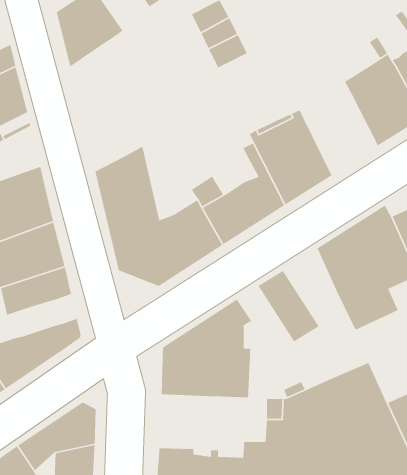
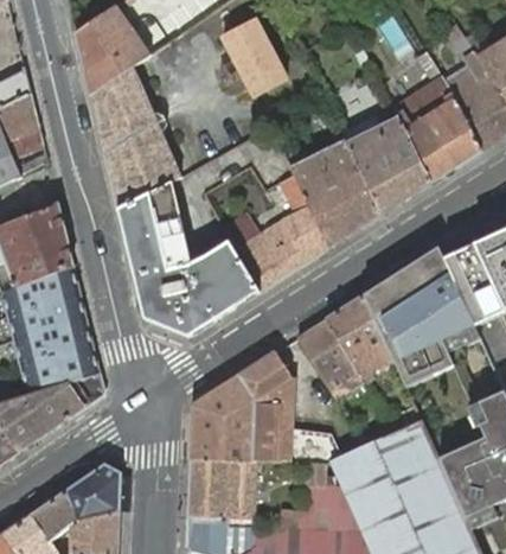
building: none -> [90,65,180,209]
building: none -> [340,113,430,214]
building: none -> [326,294,392,374]
building: none -> [20,345,98,394]
building: none -> [188,457,257,524]

